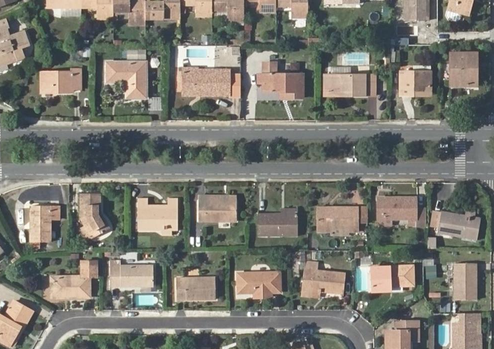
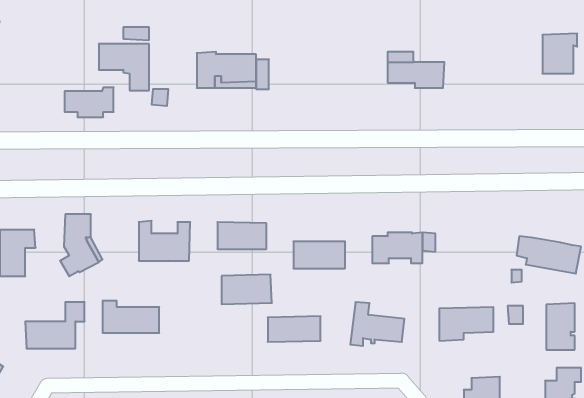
building: [262,64,302,99] -> none
building: [42,70,80,93] -> [65,87,114,117]
building: [401,72,431,96] -> none
building: [378,198,426,227] -> none
building: [176,278,215,301] -> [222,275,272,304]

